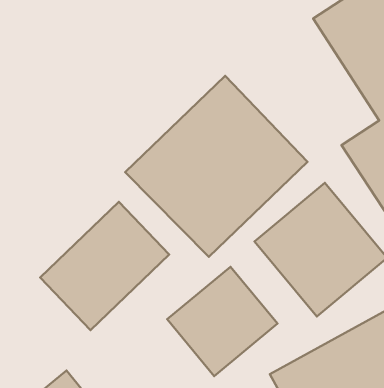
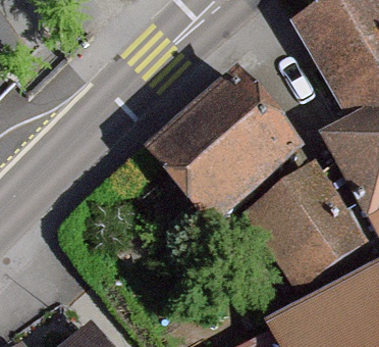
building: [40,202,169,330] -> none
building: [167,267,277,376] -> none

